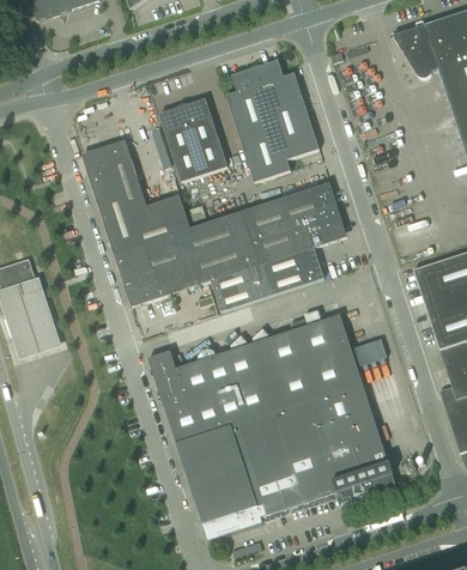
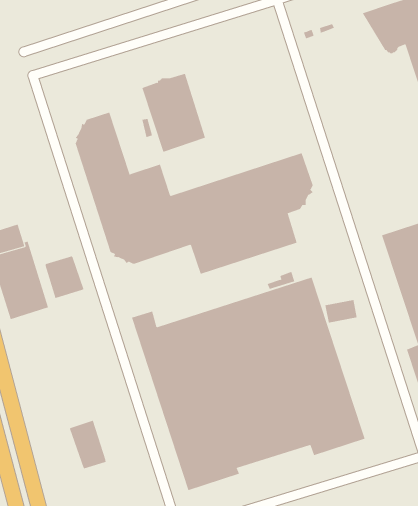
building: [225,60,319,182] -> none
building: none -> [45,256,84,299]
building: none -> [69,420,106,469]

